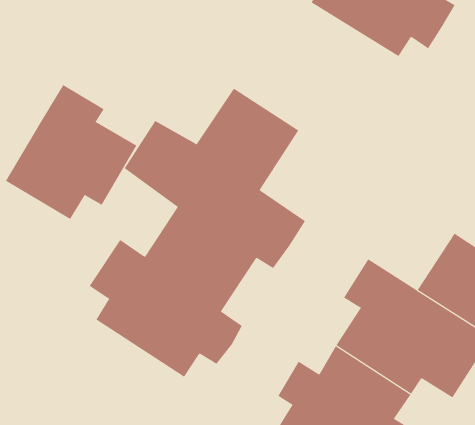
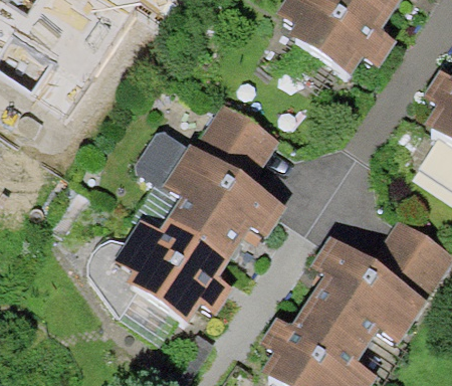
building: [5,84,137,220] -> none

